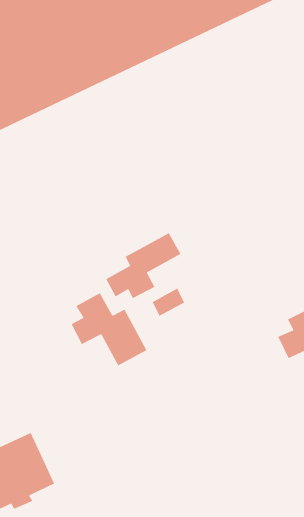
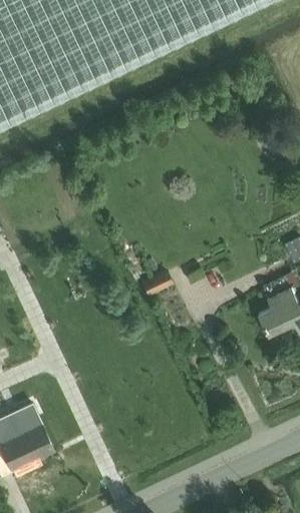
building: [105,232,181,299] -> none
building: [70,292,148,367] -> none

